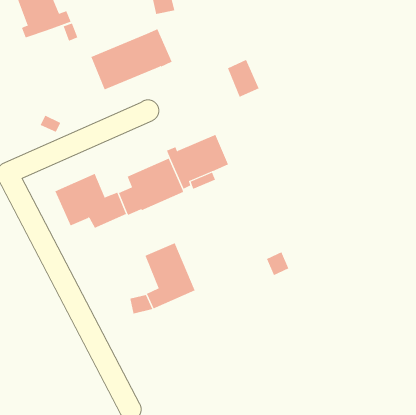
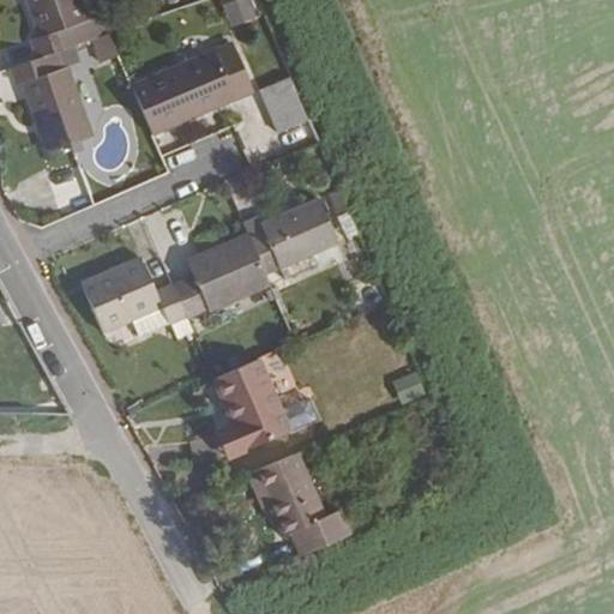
building: none -> [10,44,92,152]
building: [227,59,260,97] -> [260,77,308,133]
building: none -> [248,453,350,555]

